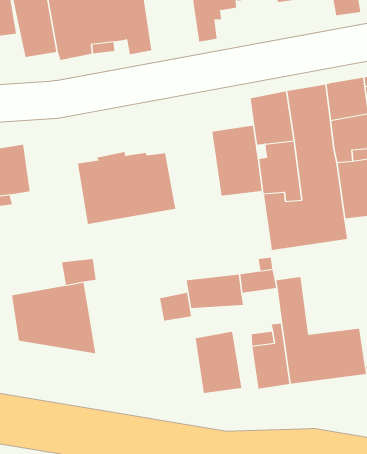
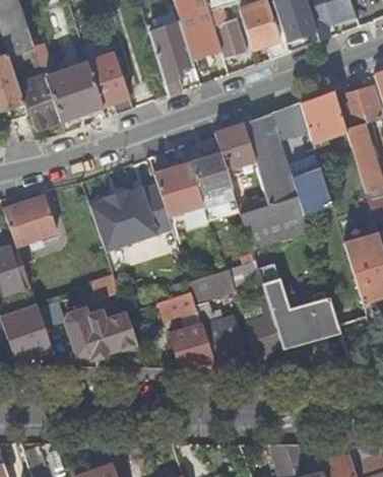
building: none -> [154,163,207,226]
building: none -> [171,312,217,369]

